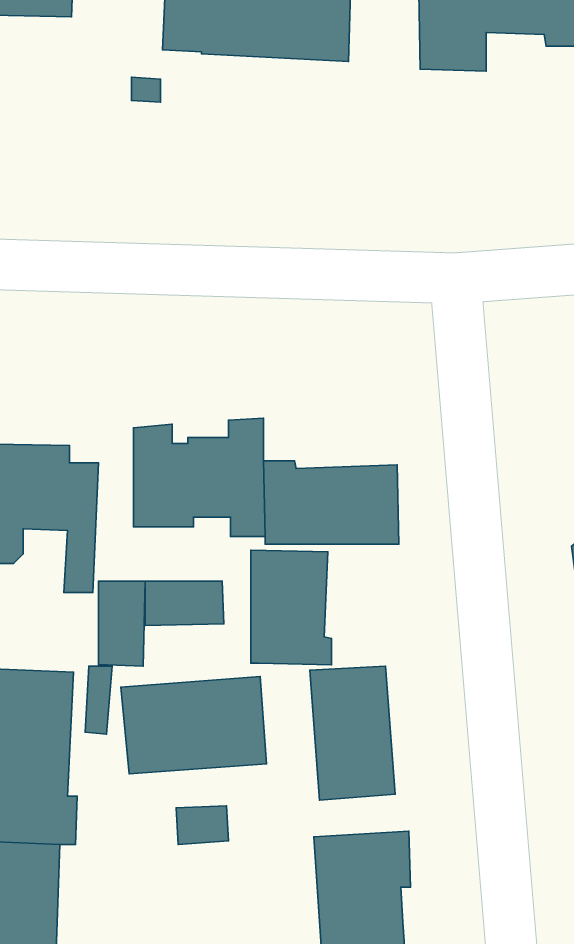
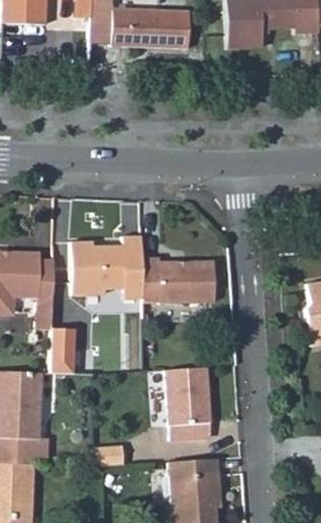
building: [251,550,332,665] -> none
building: [145,581,224,626] -> none
building: [121,677,267,774] -> none

